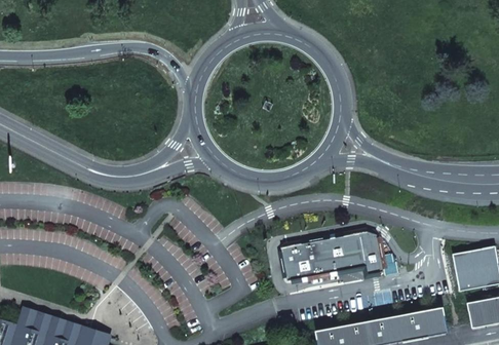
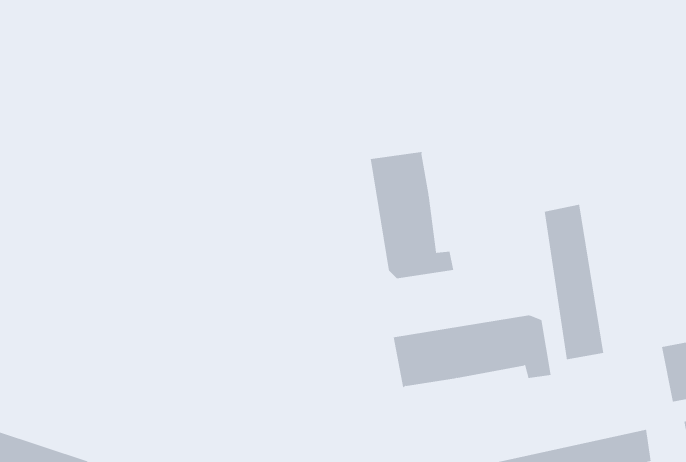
building: none -> [370,151,454,279]
building: none -> [544,204,604,360]

